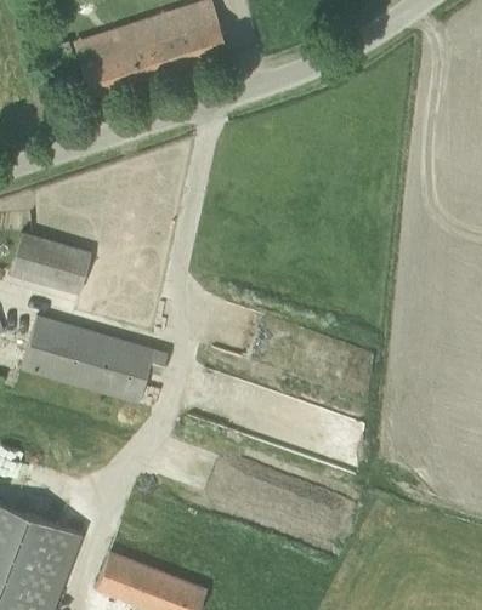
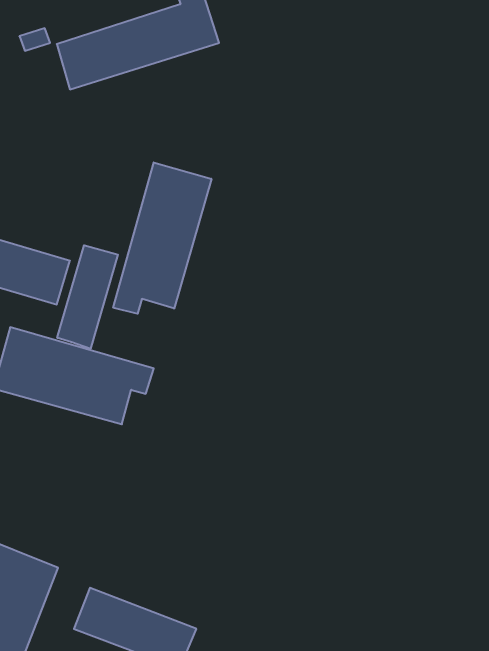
building: none -> [113,162,211,314]
building: none -> [57,245,118,349]

